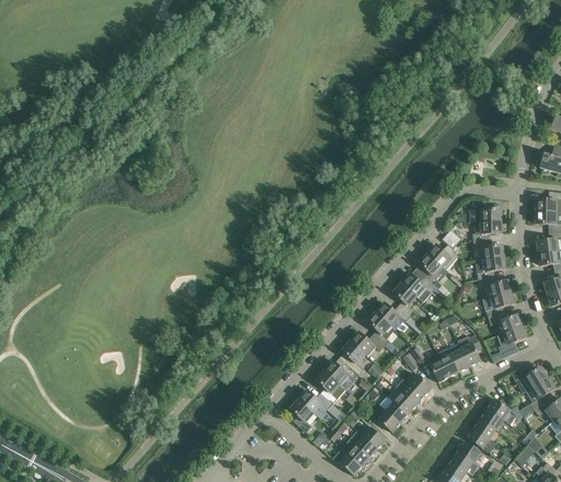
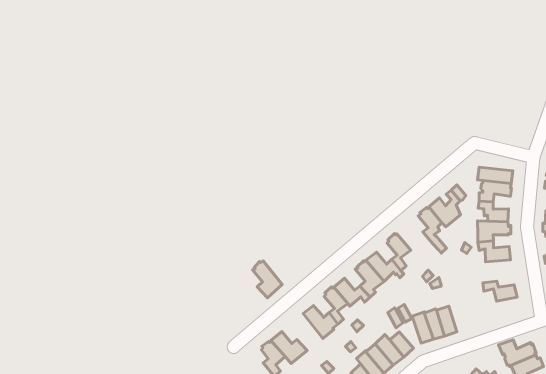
building: [402,273,437,301] -> none
building: [483,291,516,317] -> none
building: [492,325,527,363] -> none
building: [458,334,483,366] -> none
building: [317,369,346,403] -> [253,261,282,298]

